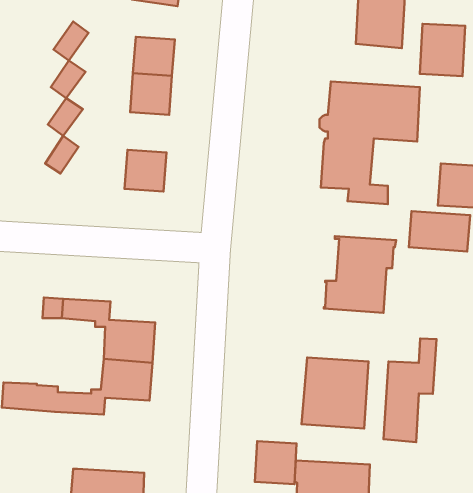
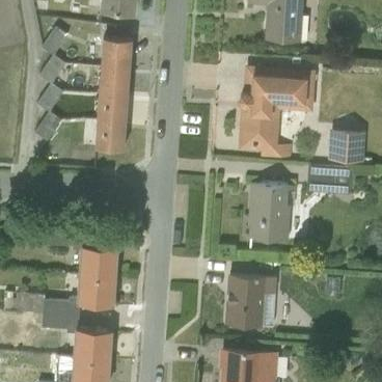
building: [420,24,465,76] -> none
building: none -> [97,91,128,121]
building: [384,338,437,442] -> none
building: none -> [42,315,111,360]
building: [255,441,296,484] -> none

